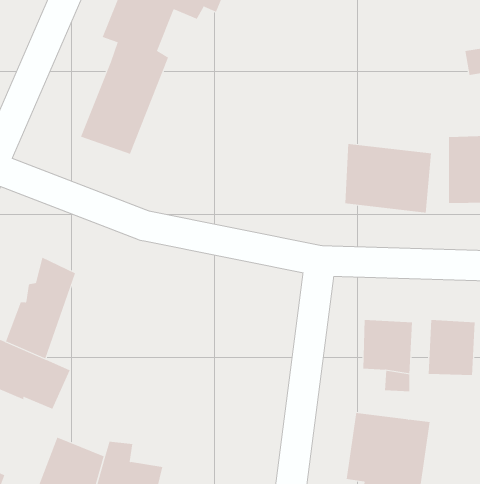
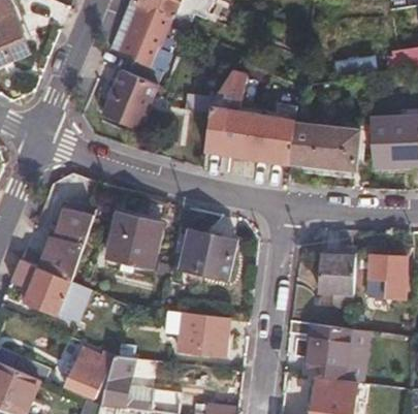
building: none -> [206,70,301,169]
building: none -> [102,205,173,270]
building: none -> [187,228,246,281]
building: none -> [183,313,234,355]

